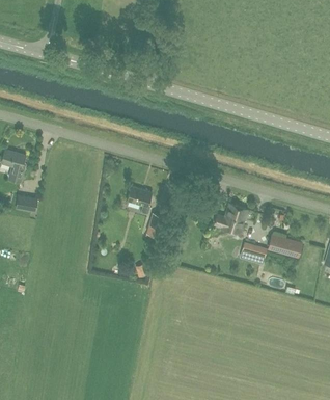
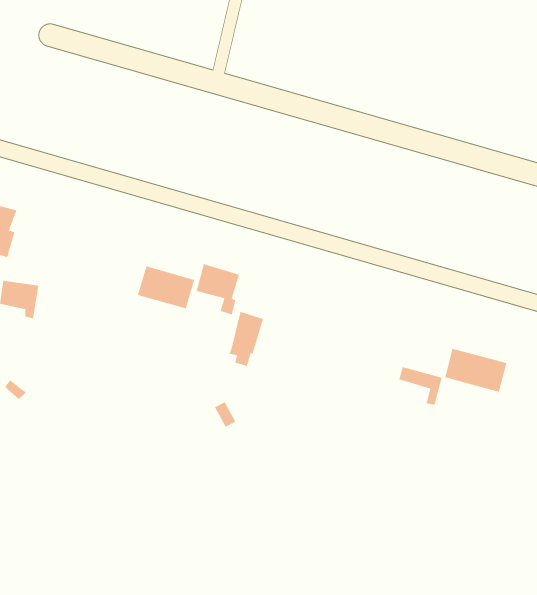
building: none -> [137,266,195,309]
building: [213,204,248,239] -> none

